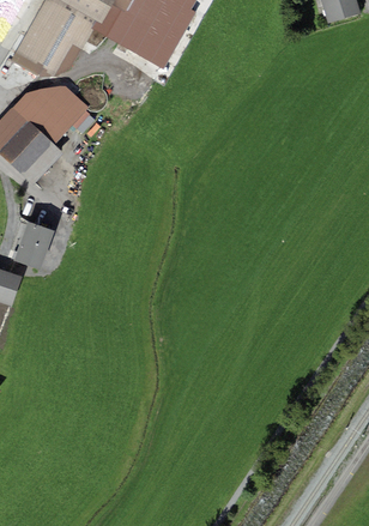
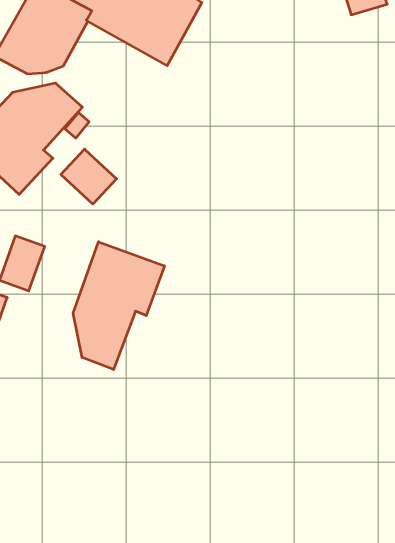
building: none -> [61,149,117,204]
building: none -> [73,242,164,370]

